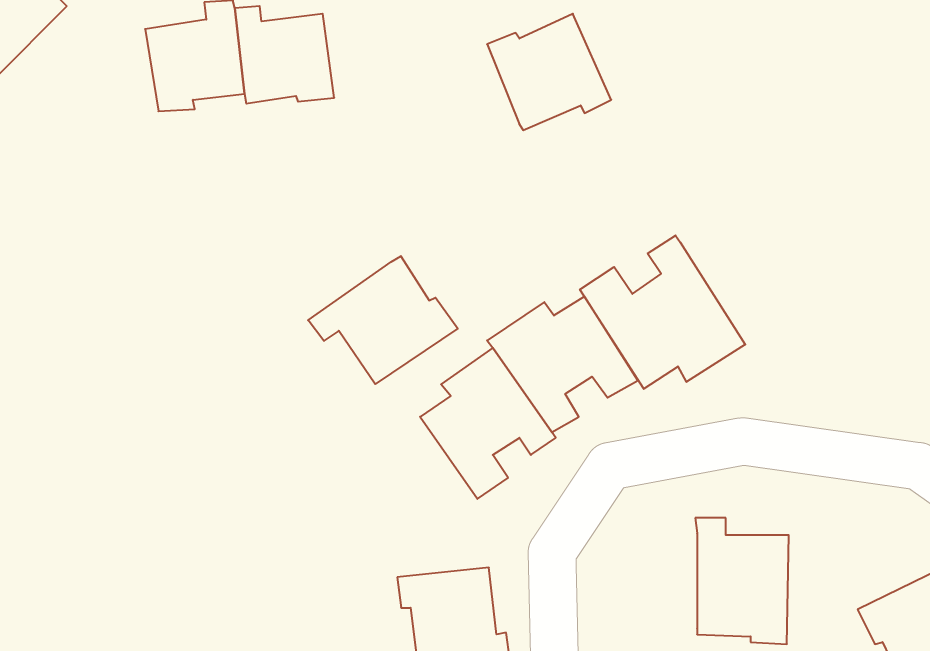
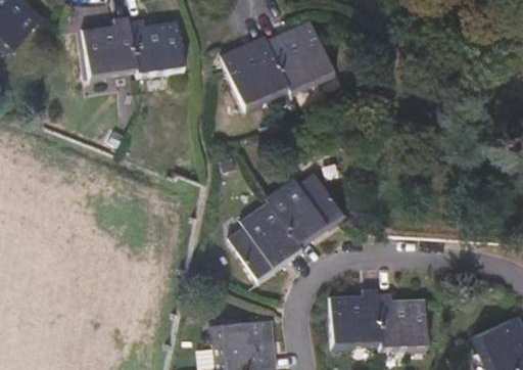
building: none -> [221,36,282,103]
building: [580,235,745,389] -> none
building: [308,256,458,384] -> none
building: none -> [330,289,377,357]

